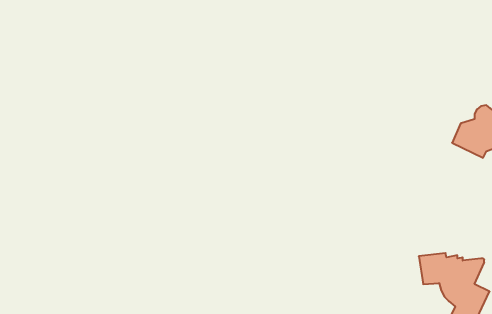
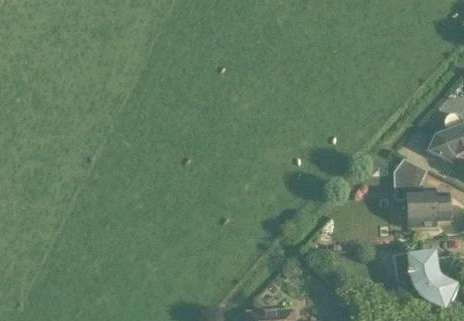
building: none -> [394,159,450,227]

